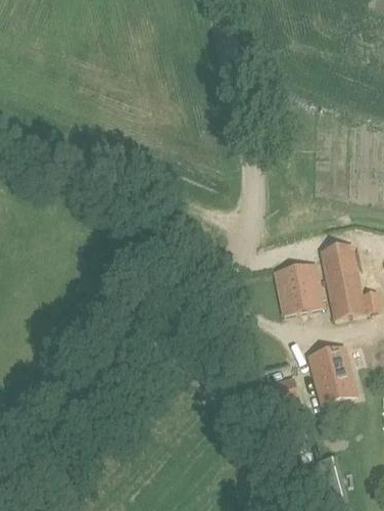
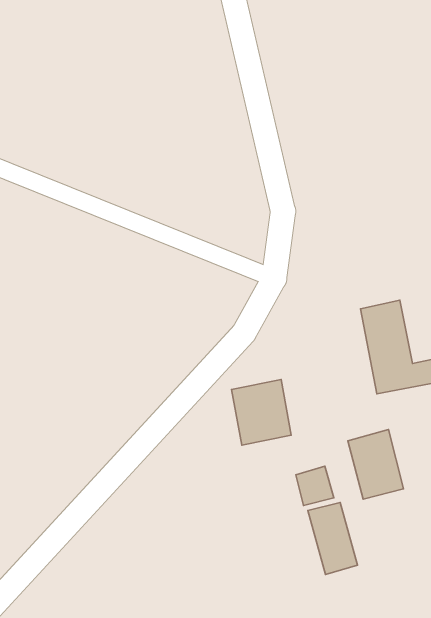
building: [275,262,323,315] -> [232,379,291,445]
building: none -> [308,503,357,574]

